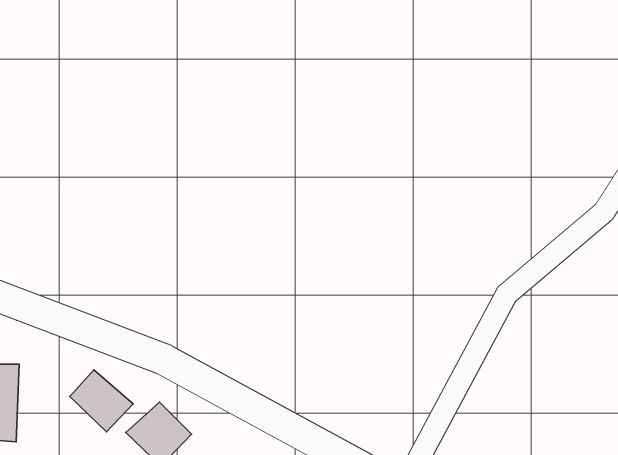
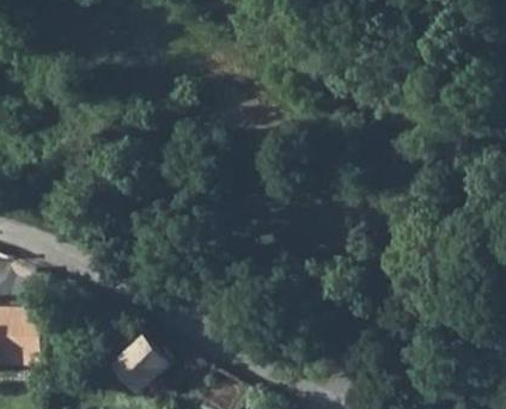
building: [70,370,133,432] -> none

